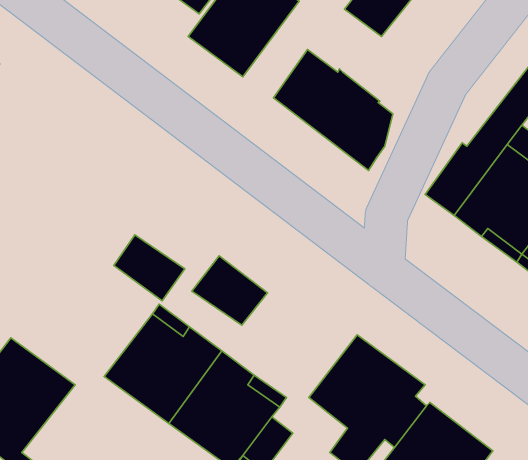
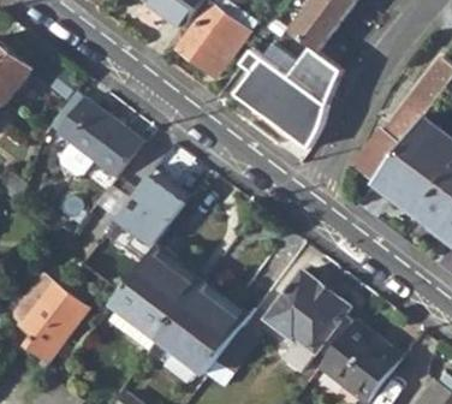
building: none -> [289,44,344,106]
building: none -> [56,99,142,177]
building: [192,256,267,325] -> [133,170,190,221]

